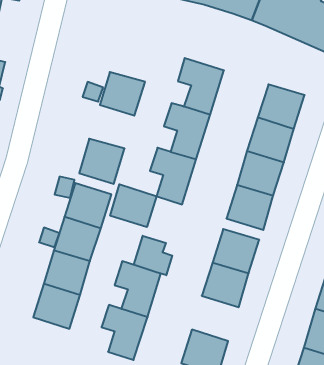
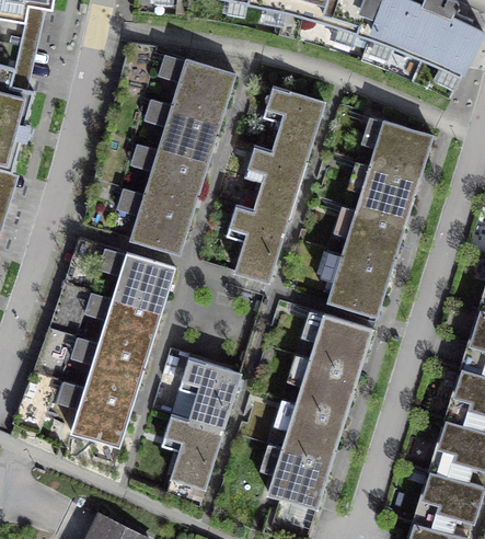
building: none -> [172,60,233,117]
building: none -> [145,148,205,206]
building: [110,184,157,227] -> none
building: [134,236,172,275] -> none
building: none -> [281,402,344,462]

